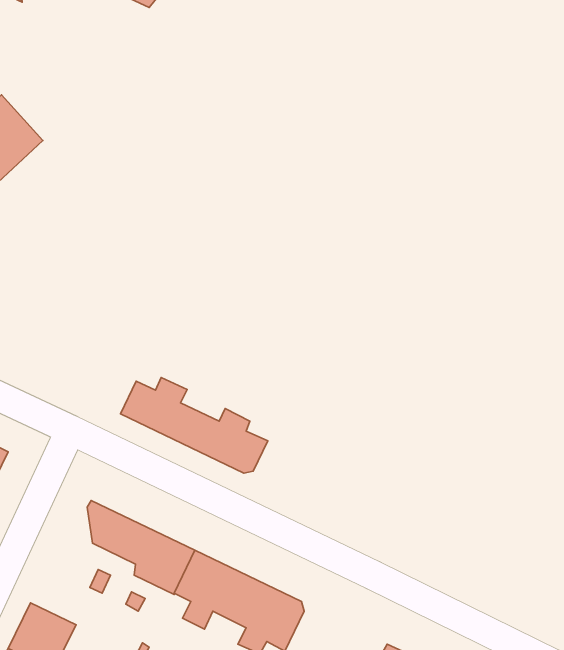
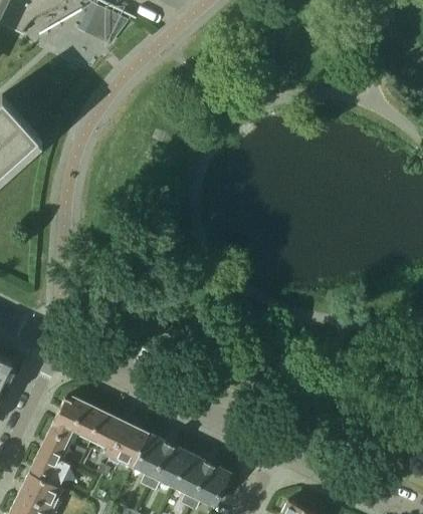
building: [121,377,268,473] -> none
building: none -> [31,401,73,483]

